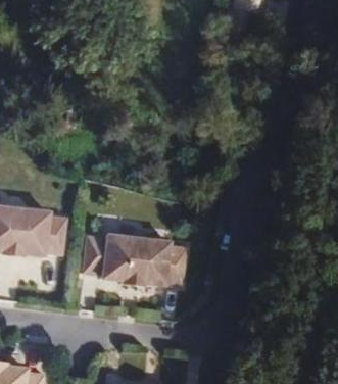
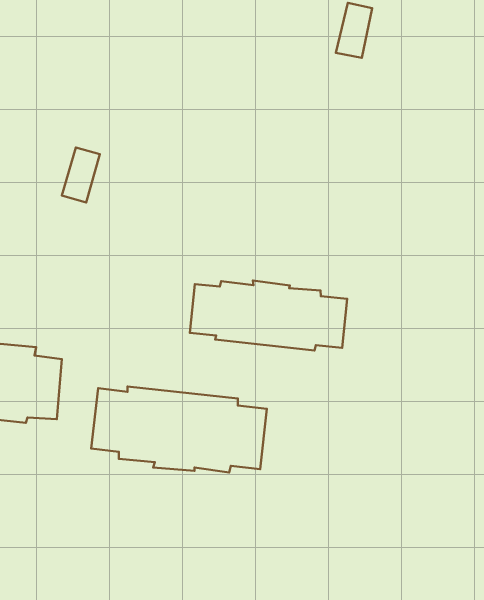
building: none -> [190,281,347,350]

